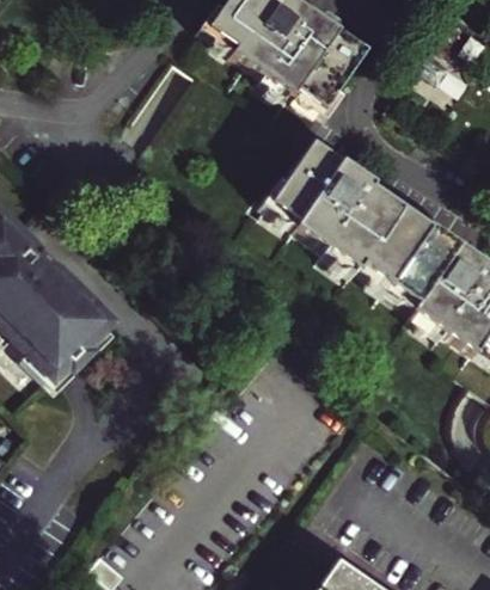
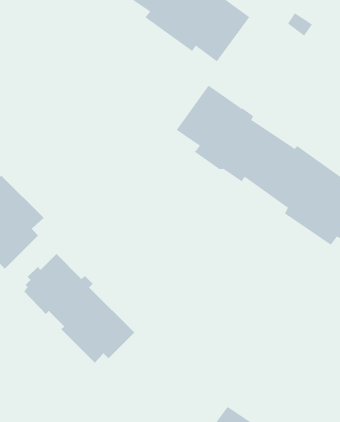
building: none -> [23,253,135,363]

